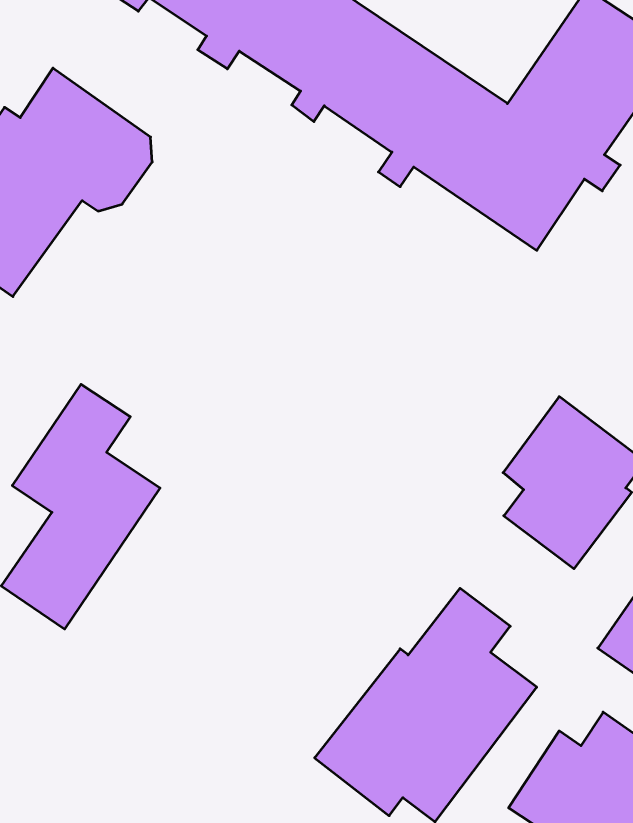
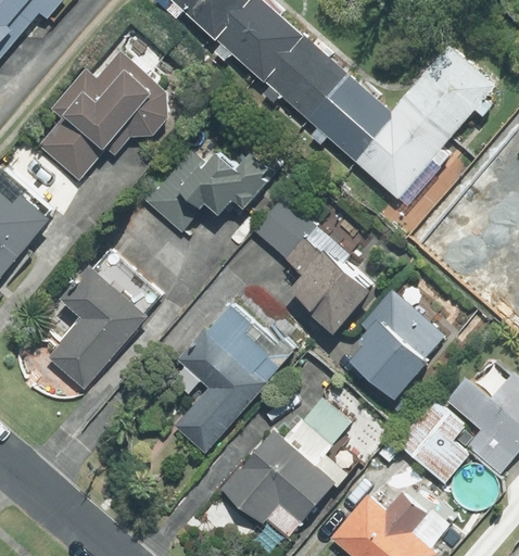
building: none -> [147,137,280,233]
building: none -> [252,197,378,332]
building: none -> [170,302,298,454]

